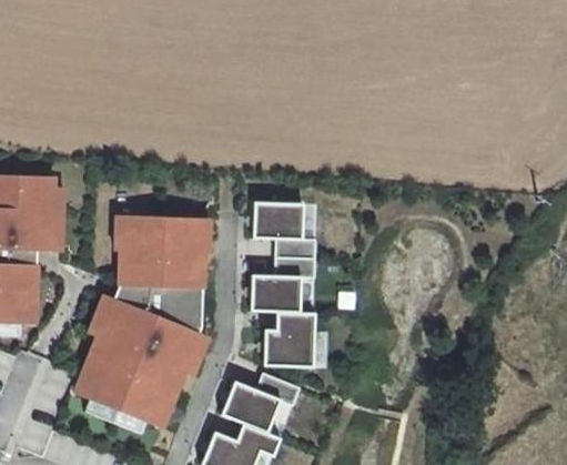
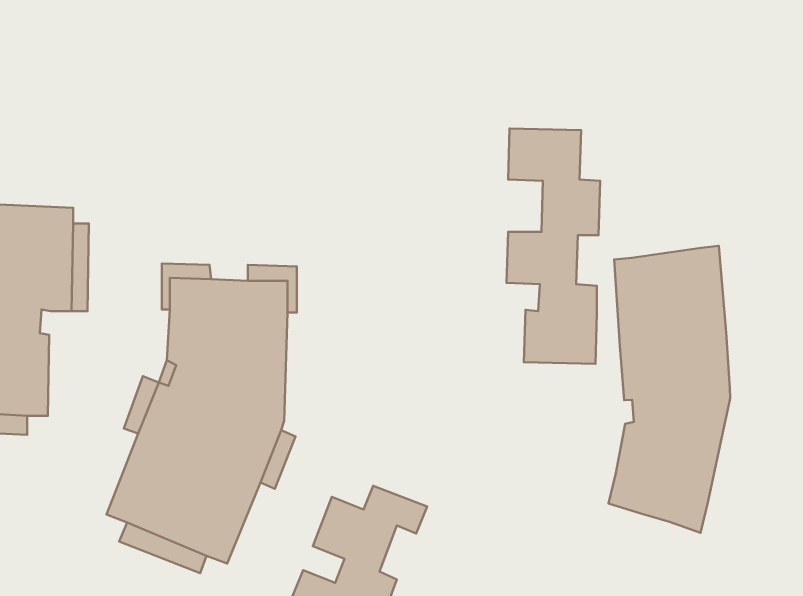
building: [251,202,316,366] -> [506,129,600,364]
building: none -> [609,246,730,533]

